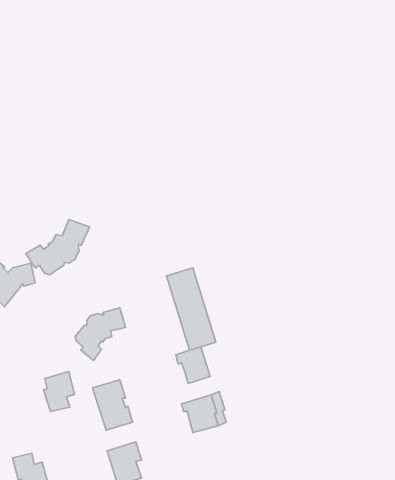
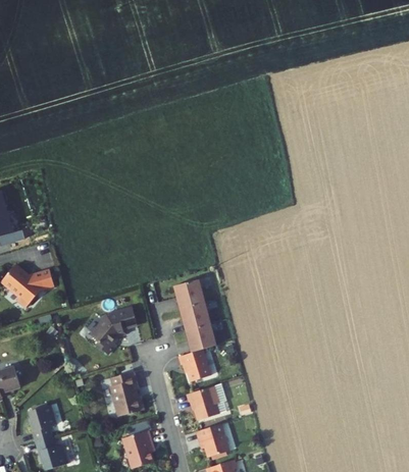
building: [26,220,90,275] -> none
building: [44,372,74,412] -> [29,407,56,442]
building: none -> [195,423,227,457]

